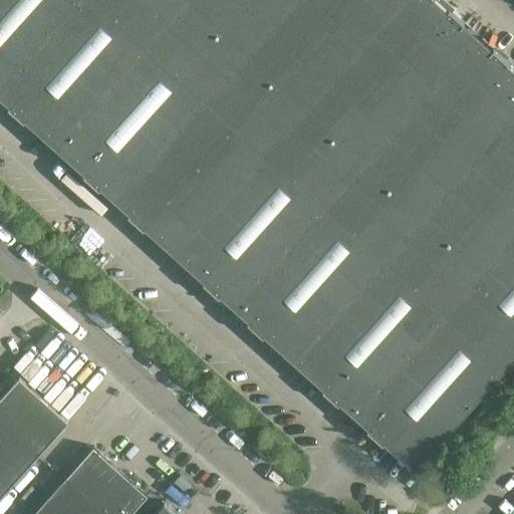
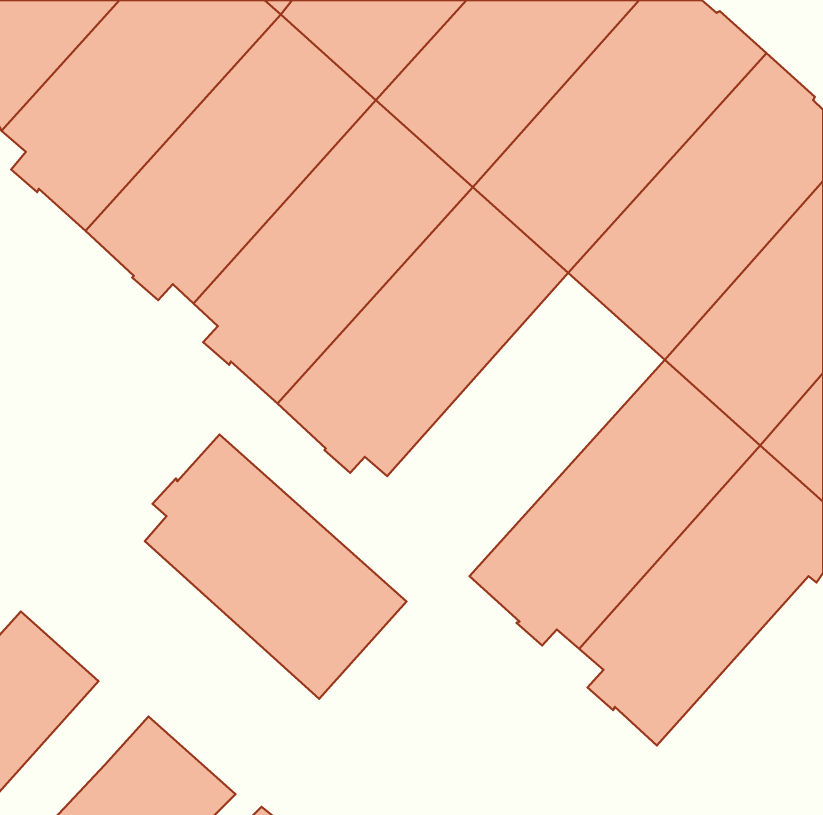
building: [241,176,414,364] -> none
building: none -> [145,434,407,699]

